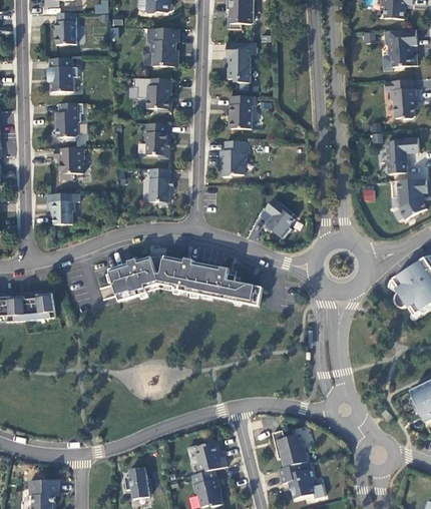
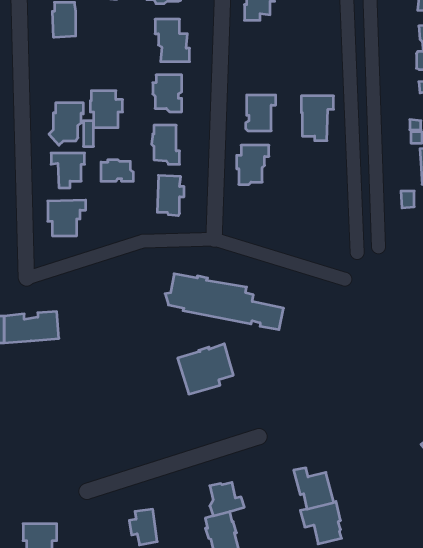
building: [227,41,256,81] -> [301,96,334,141]
building: [48,57,77,90] -> [90,91,123,128]
building: none -> [101,160,133,181]
building: [263,196,295,237] -> none
building: [109,256,159,301] -> [178,344,233,394]

